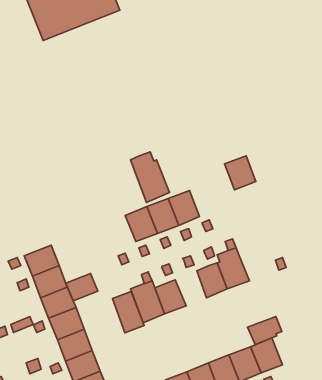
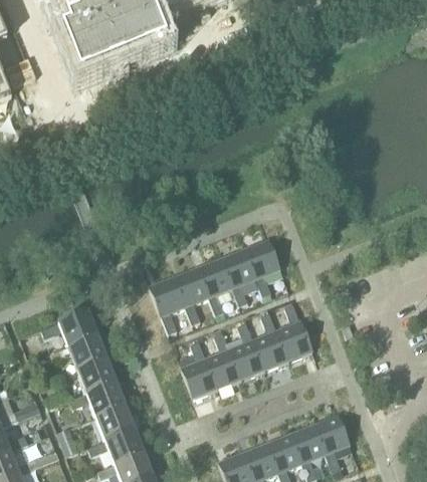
building: [130,152,170,202] -> none
building: [225,156,256,190] -> [245,240,280,278]
building: none -> [150,277,185,316]
building: none -> [229,339,264,379]
building: [66,273,98,301] -> none
building: [112,292,144,333] -> none
building: [248,316,282,345] -> none

